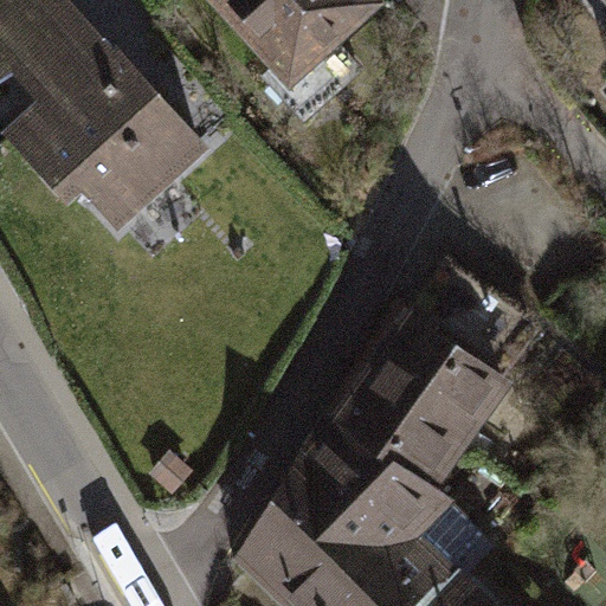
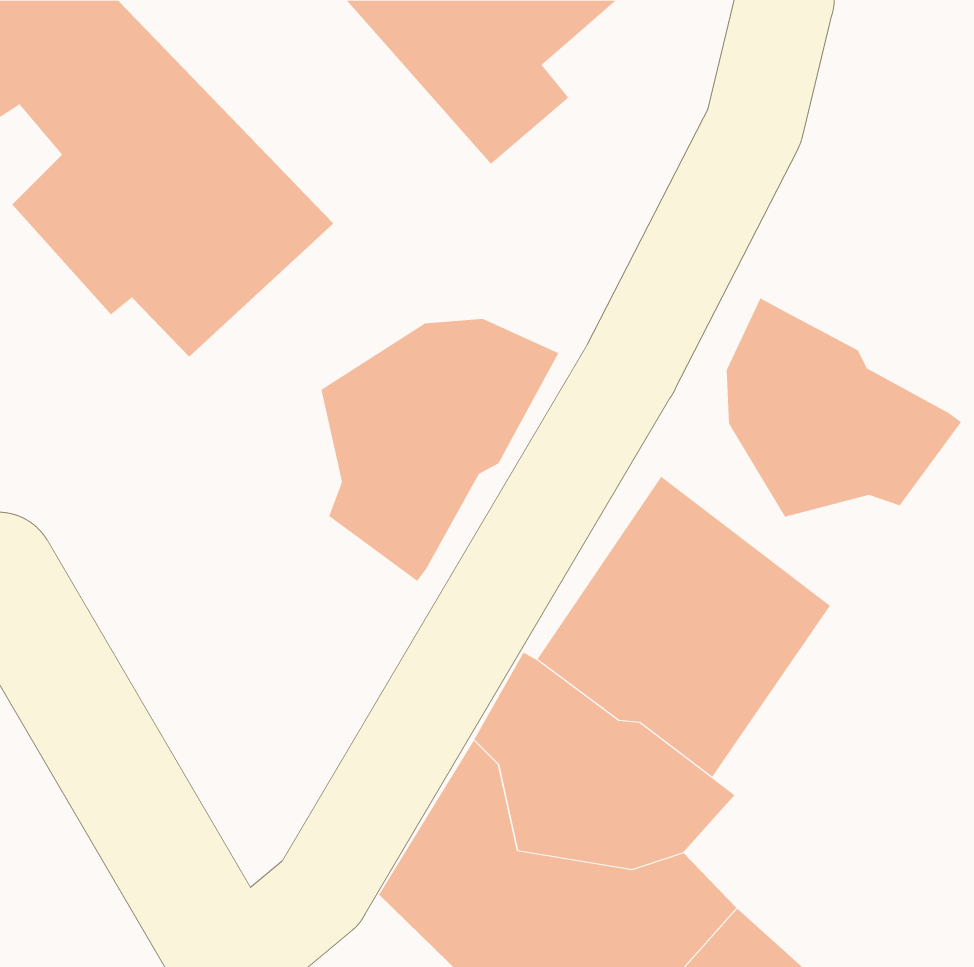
building: none -> [726,297,962,518]
building: none -> [321,318,559,582]

